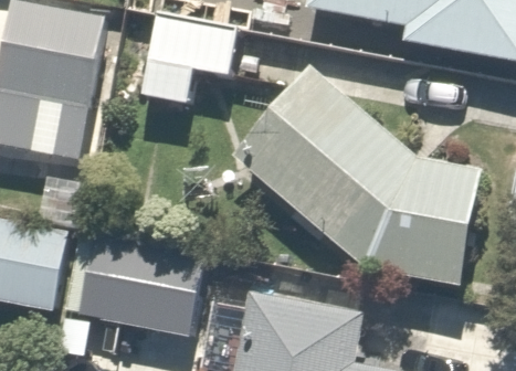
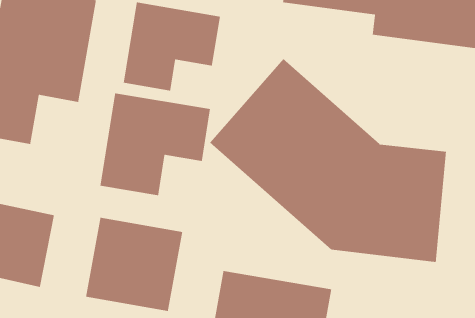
building: none -> [99,92,211,196]

